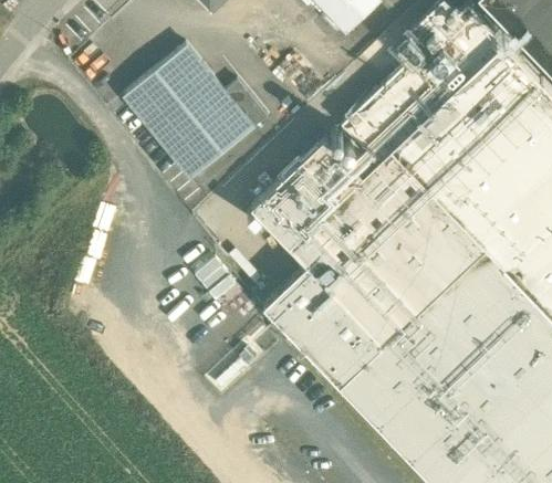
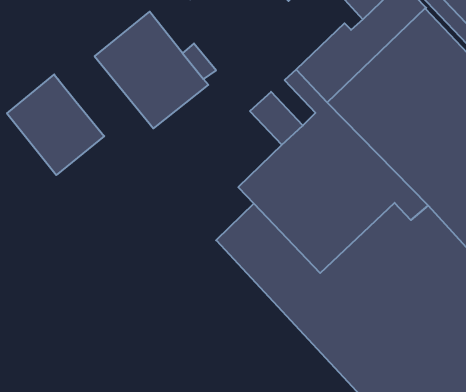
building: none -> [7,74,104,175]
building: [250,160,337,246] -> none

